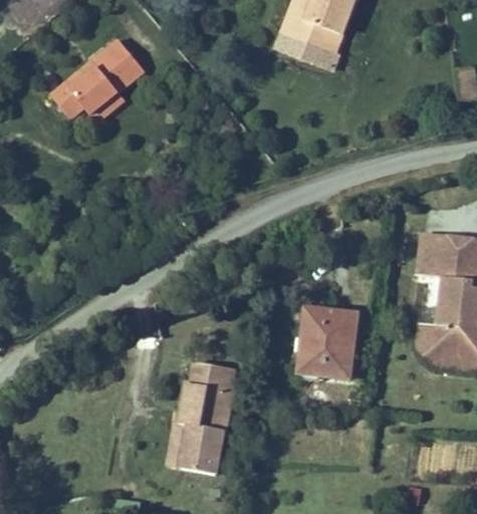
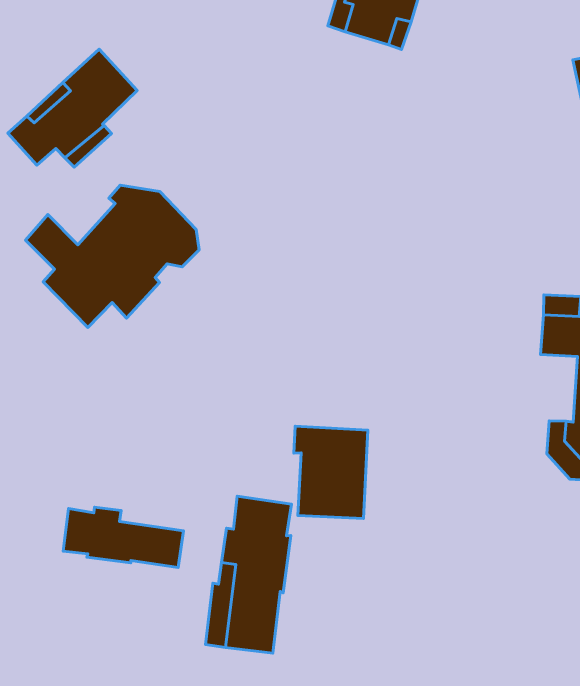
building: none -> [25,185,199,328]
building: [303,309,356,377] -> [294,426,368,518]
building: none -> [63,507,184,568]

